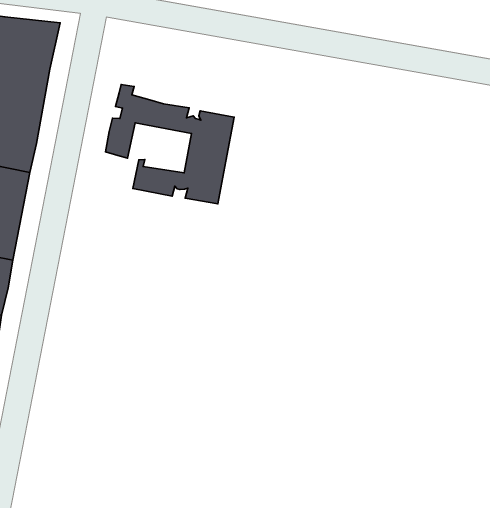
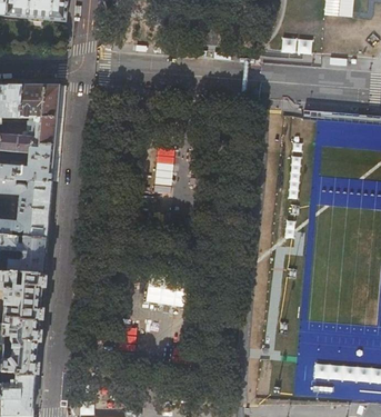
building: [105,85,234,204] -> none

